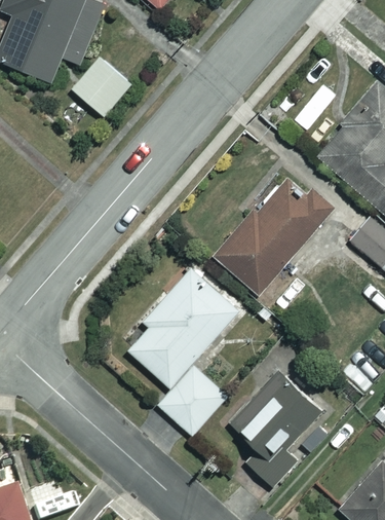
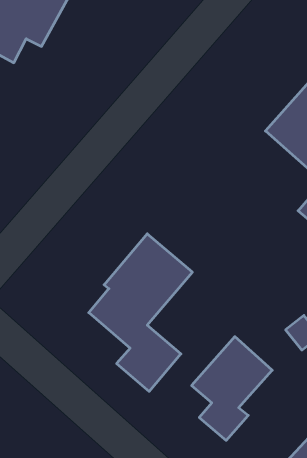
building: [72,57,129,114] -> none
building: [215,172,333,293] -> none

